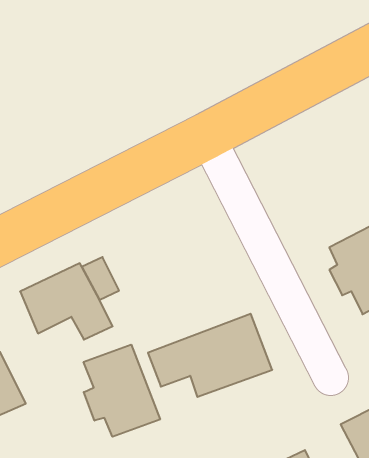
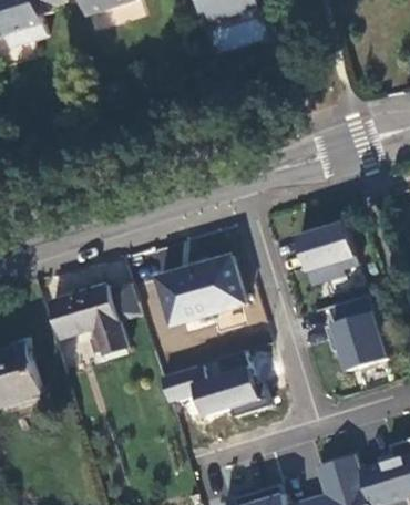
building: none -> [298,220,360,284]
building: none -> [161,260,243,328]
building: [84,345,160,437] -> none

